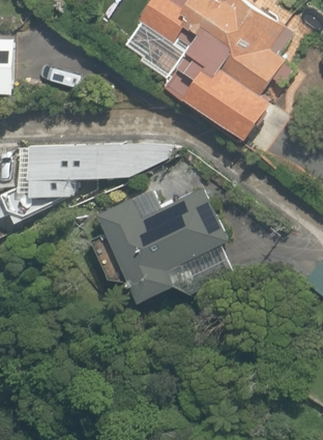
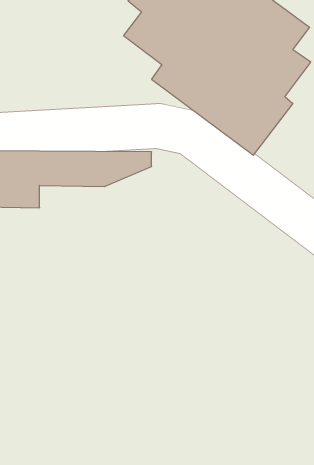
building: [84,194,228,291] -> none

